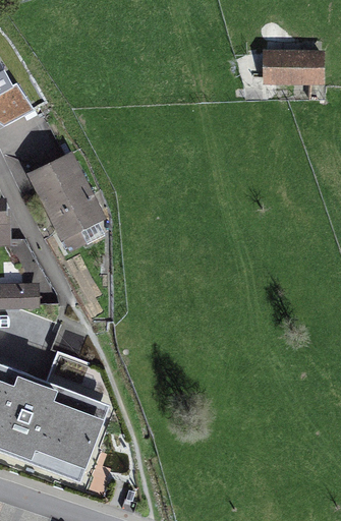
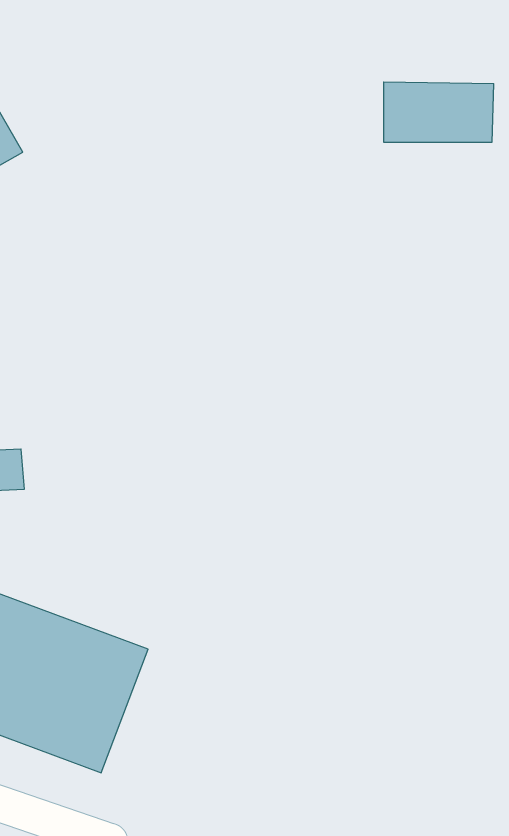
building: [26,152,106,247] -> none

